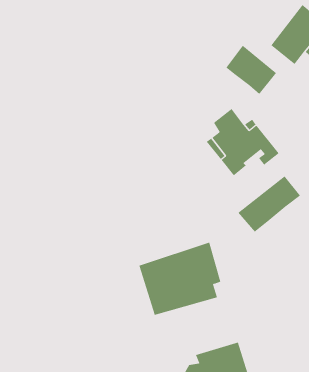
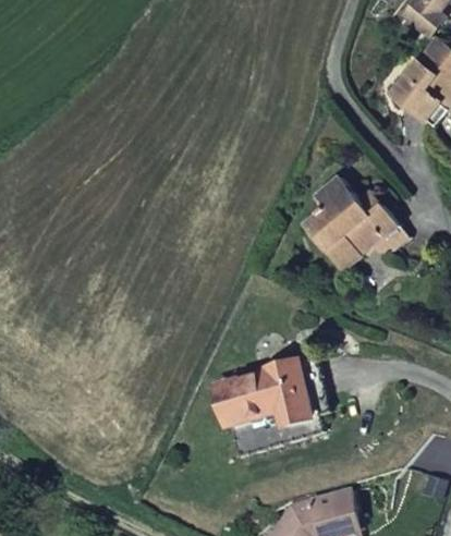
building: [225,45,277,95] -> none
building: [238,175,301,232] -> none

